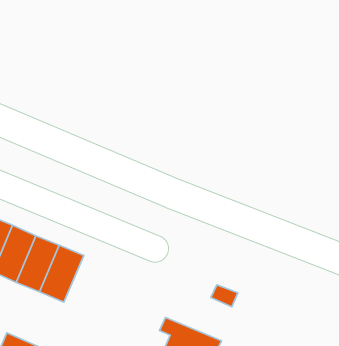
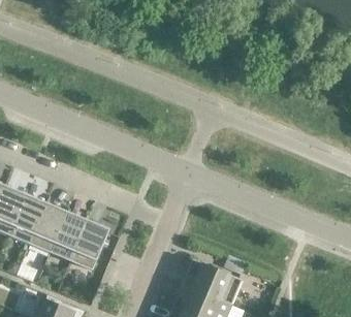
building: none -> [182,261,242,304]

